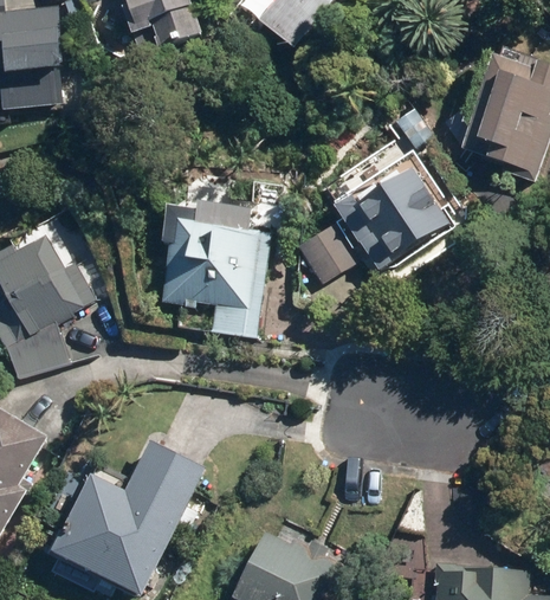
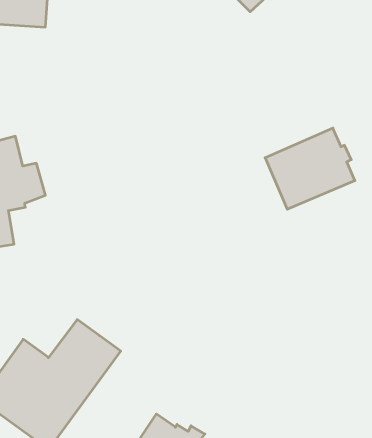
building: [158,200,266,338] -> none
building: [293,222,356,284] -> none

